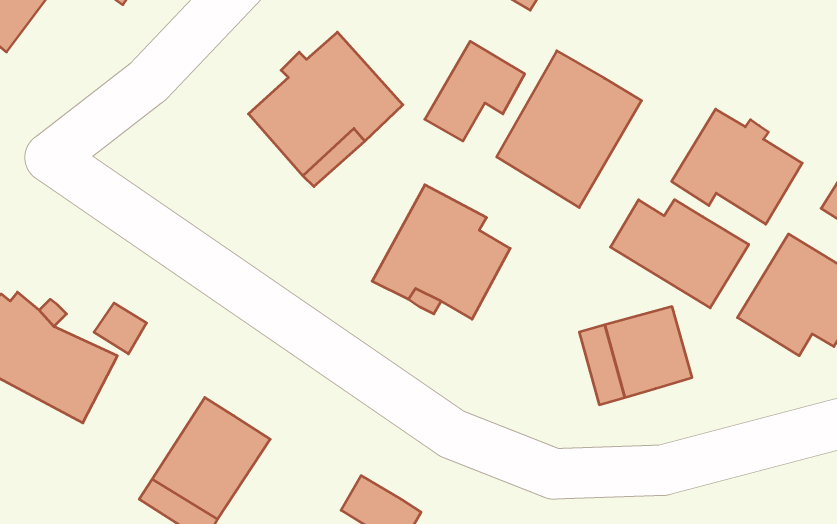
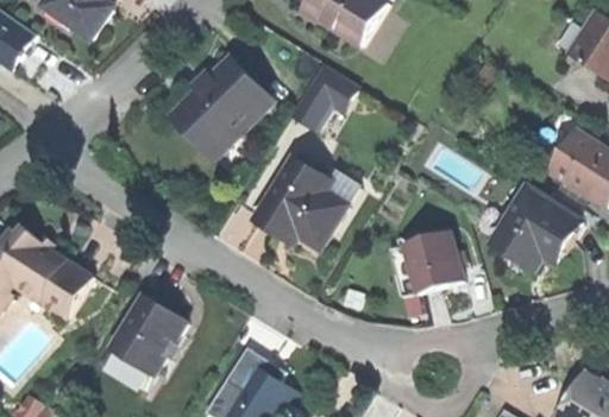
building: [497,51,642,208] -> none
building: [672,109,802,224] -> none
building: [610,200,749,308] -> none

